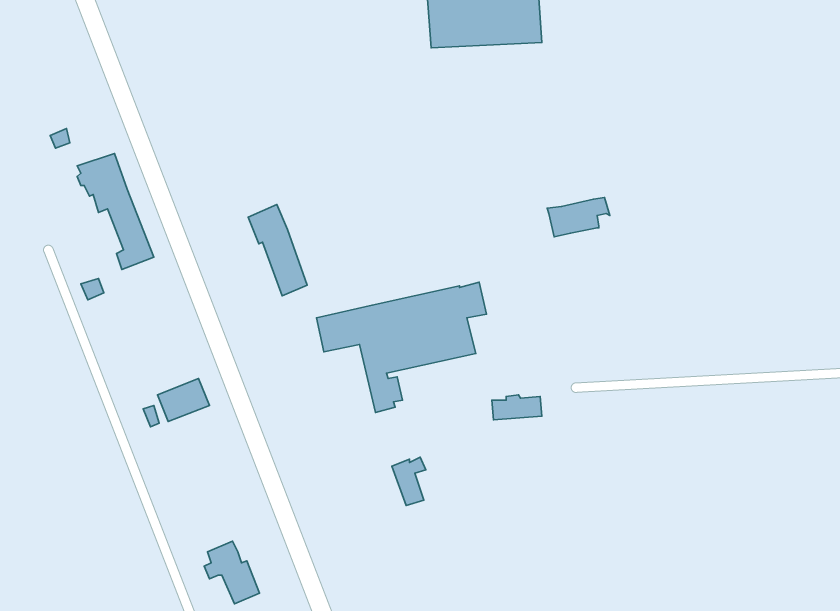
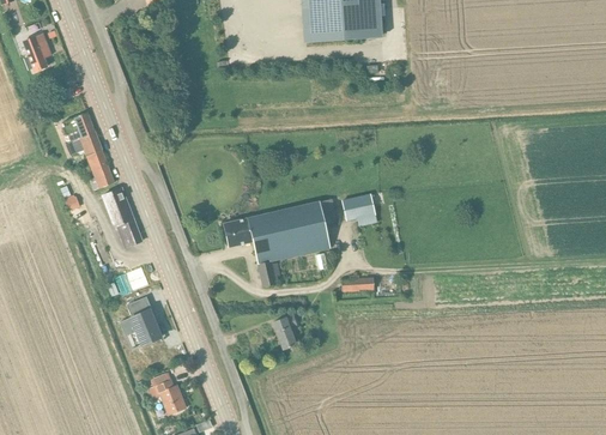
building: none -> [25,34,53,71]
building: [547,197,610,237] -> [343,192,384,218]
building: [248,205,307,296] -> [104,186,144,247]
building: none -> [122,296,164,345]

